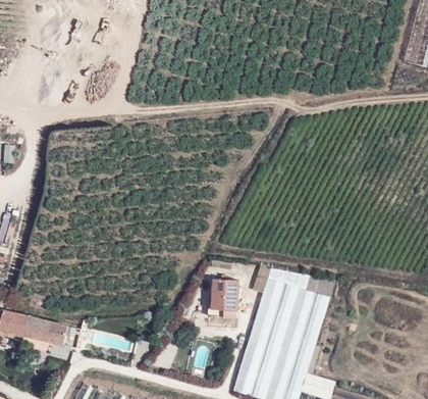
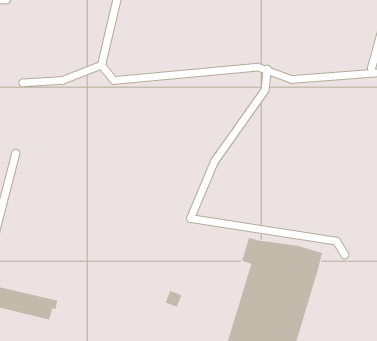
building: [209,284,238,316] -> none

